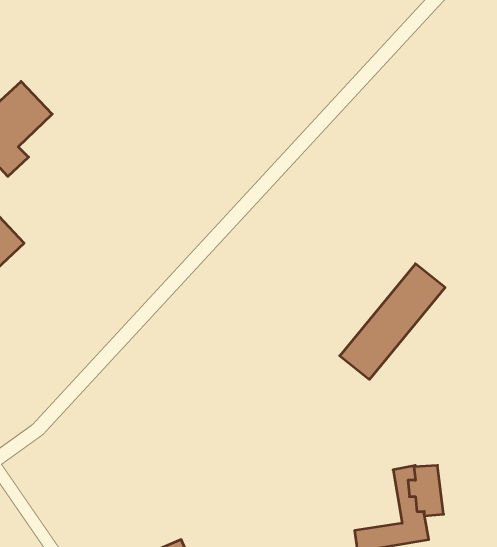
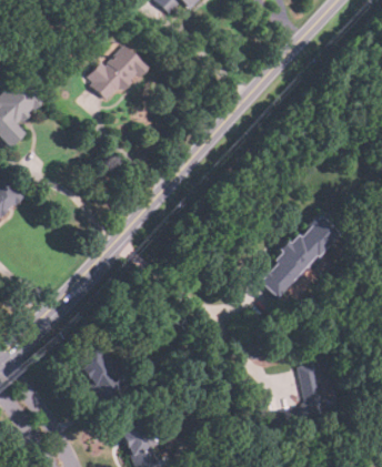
building: none -> [87,44,145,102]
building: none -> [80,347,122,398]

